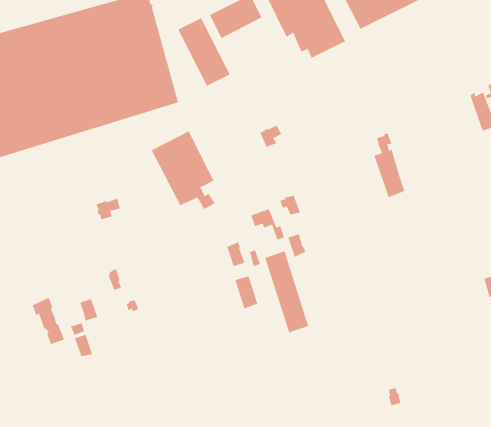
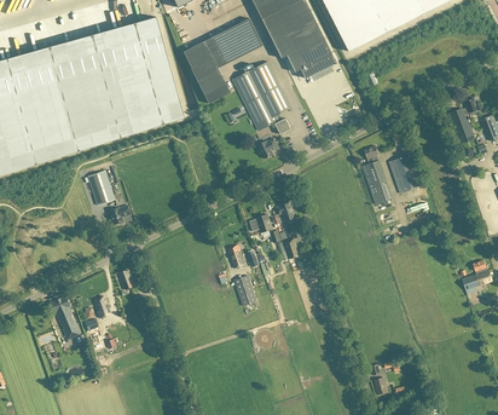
building: [151,130,216,210] -> [232,62,291,134]
building: none -> [389,155,423,194]
building: none -> [87,171,114,204]
building: [265,251,309,333] -> none

